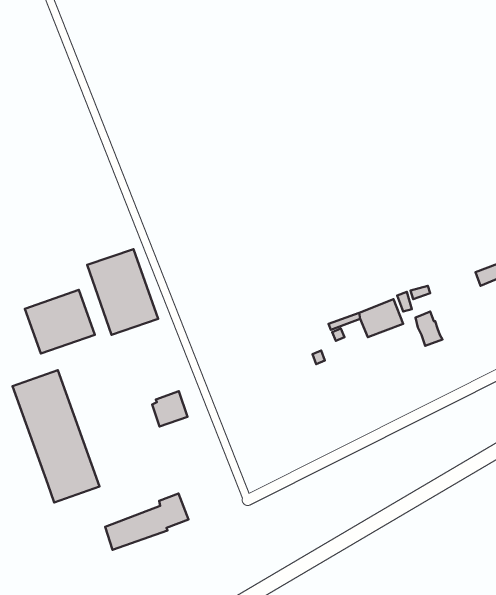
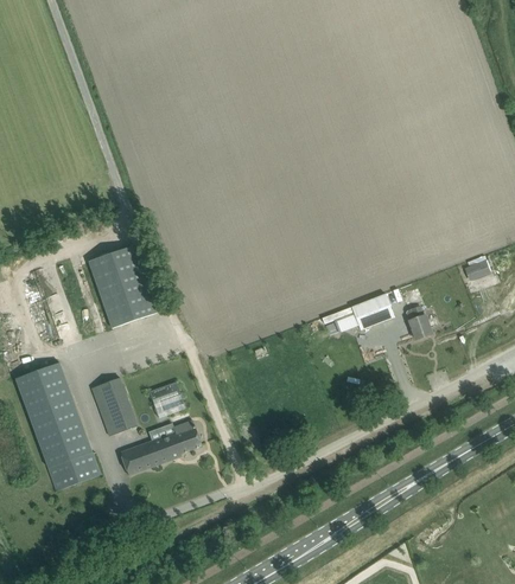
building: [25,290,95,354] -> none
building: none -> [90,376,135,435]
building: [105,494,188,550] -> [120,419,201,474]

